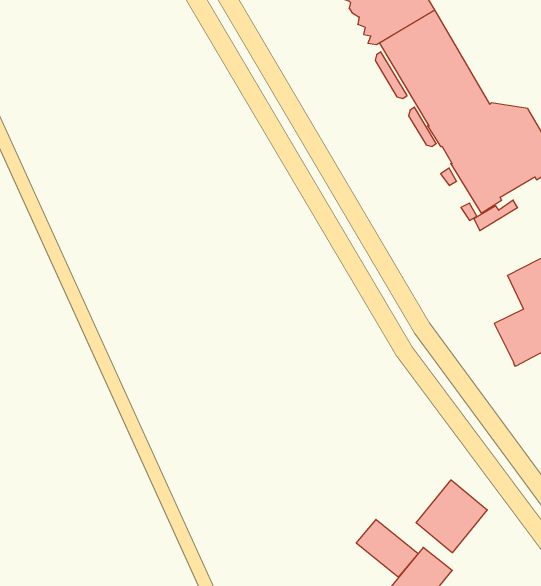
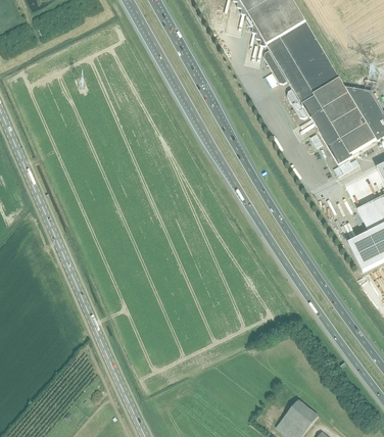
building: [416,480,487,553] -> none
building: [356,519,418,577] -> none

